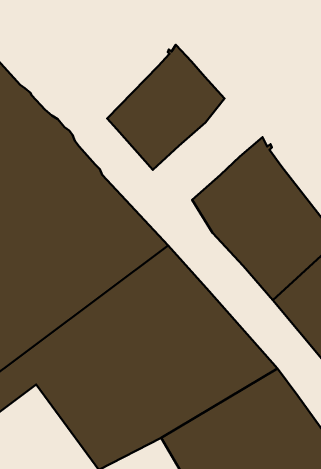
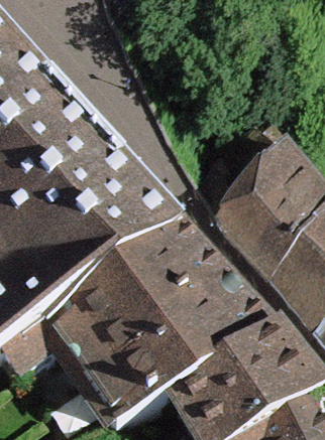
building: [107,45,225,170] -> none

